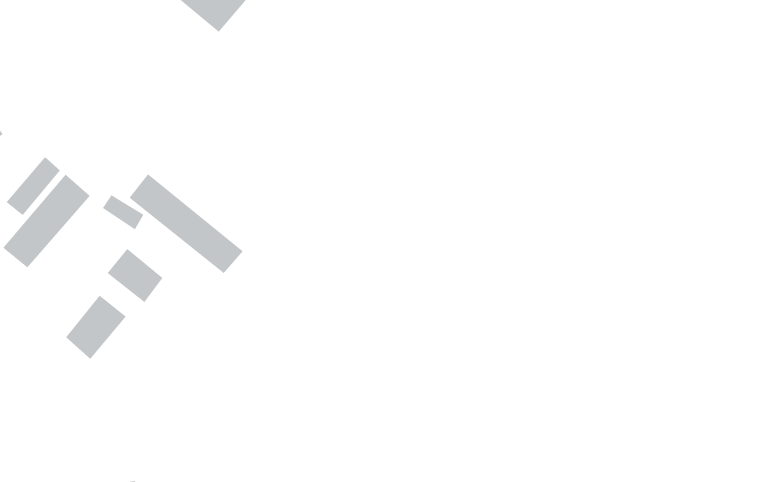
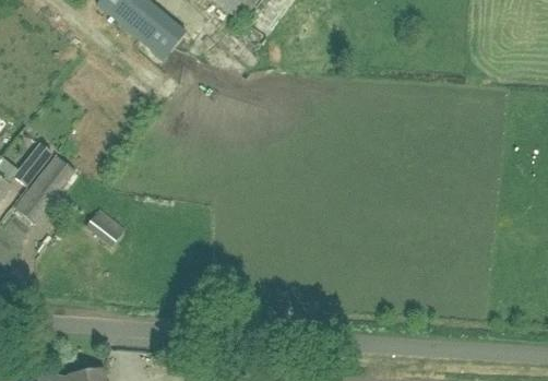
building: [129,173,244,274] -> none
building: [65,294,127,360] -> none

